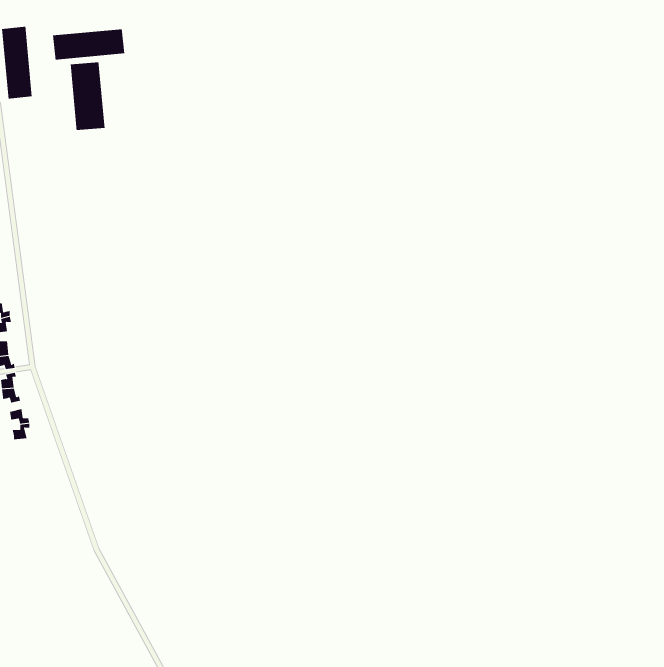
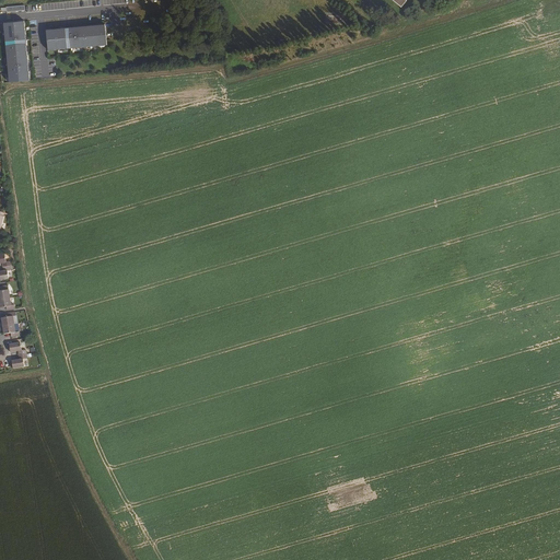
building: [70,61,105,131] -> none

